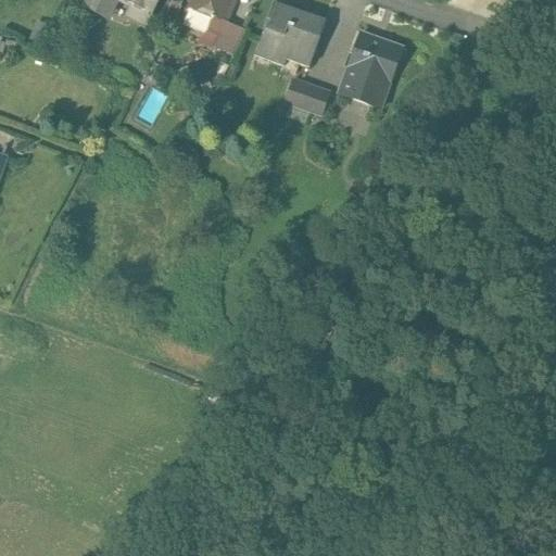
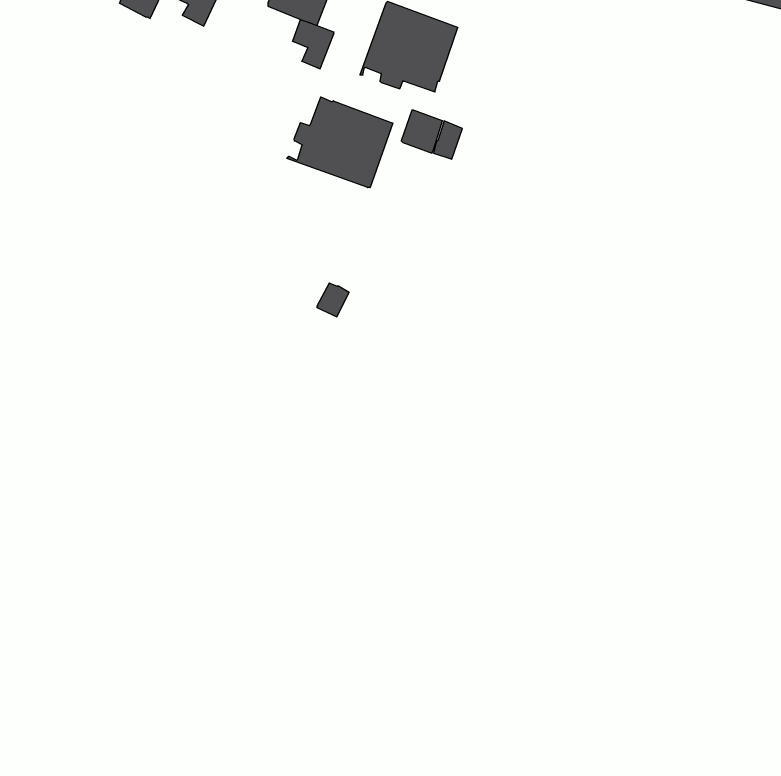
building: [340,31,402,106] -> none
building: none -> [287,97,393,188]

